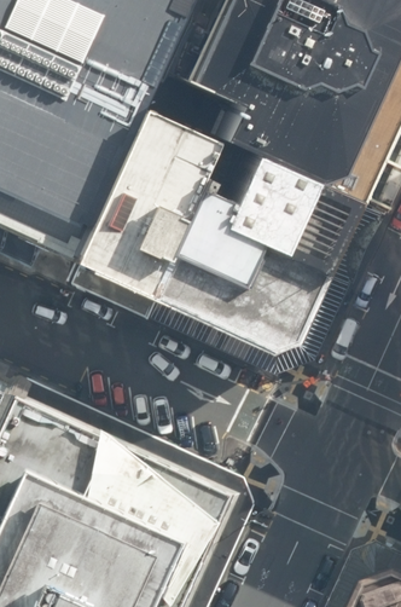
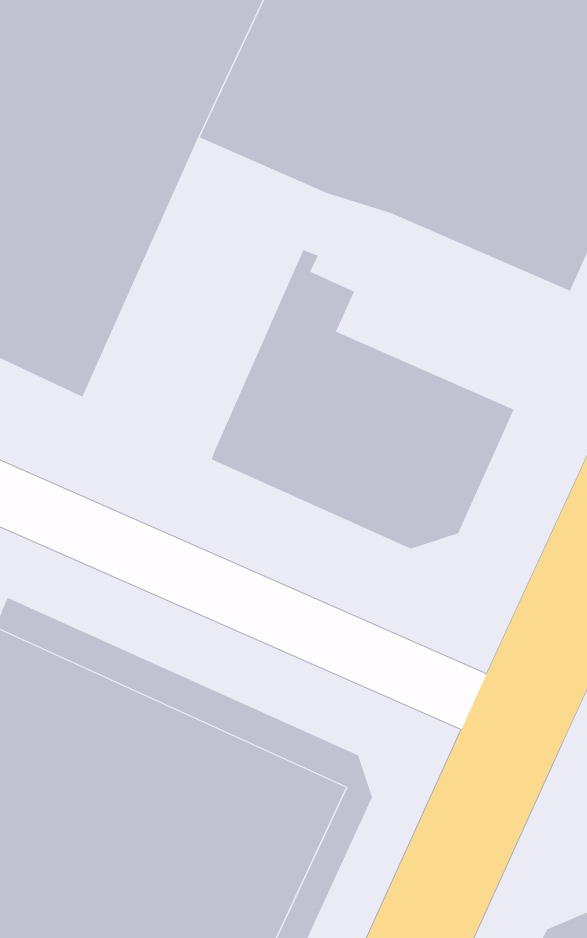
building: [66,120,214,311] -> none
building: [220,166,361,284] -> none

